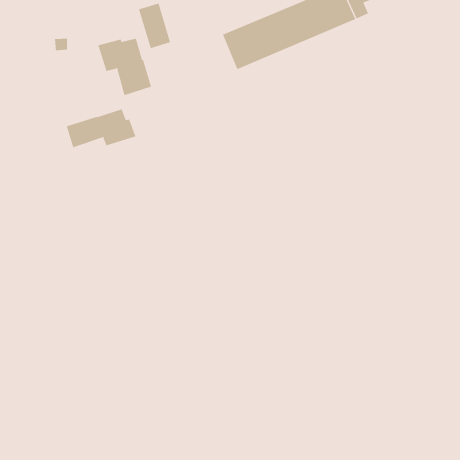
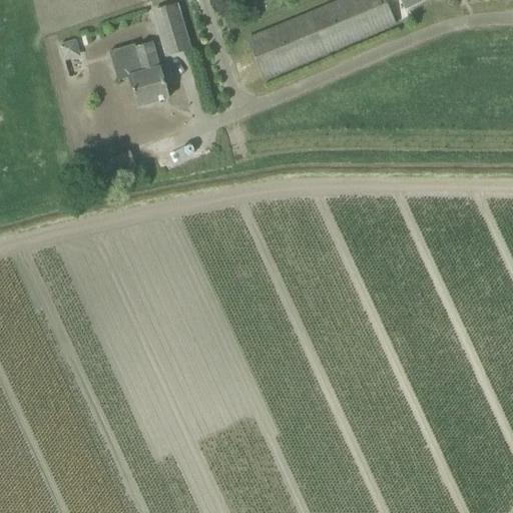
building: [66,109,136,148] -> none

